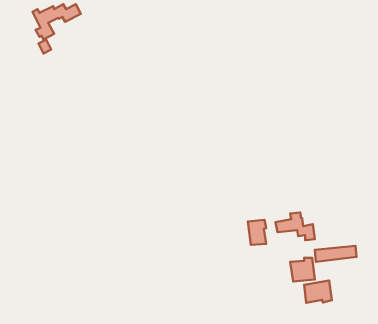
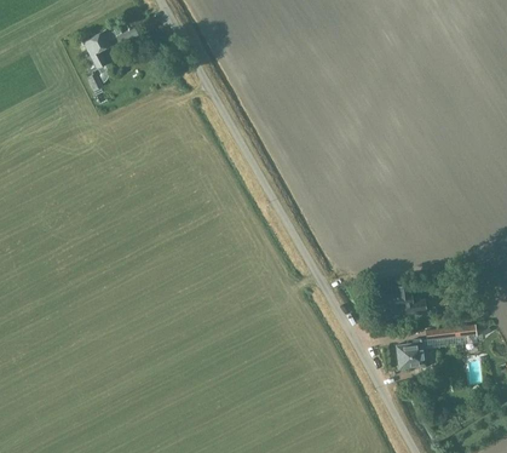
building: [248,220,266,245] -> none
building: [304,281,332,303] -> none

